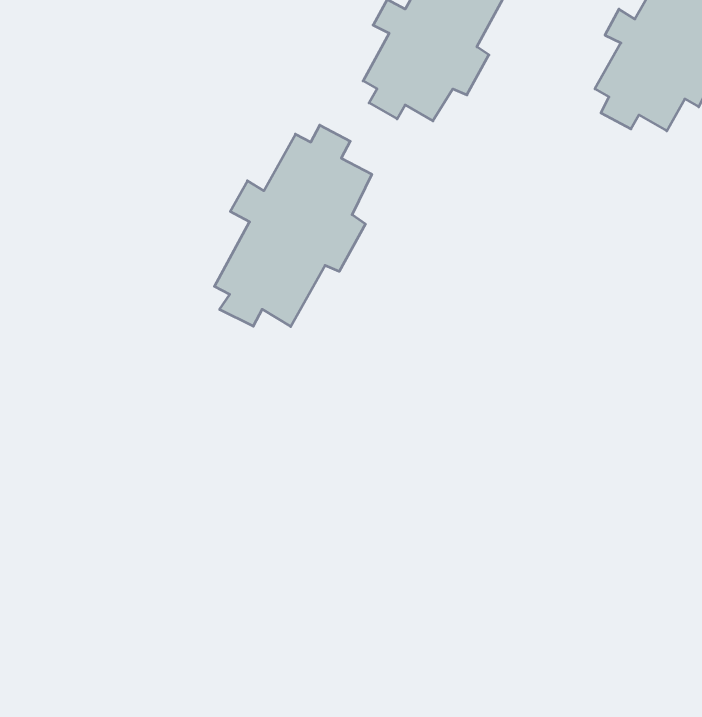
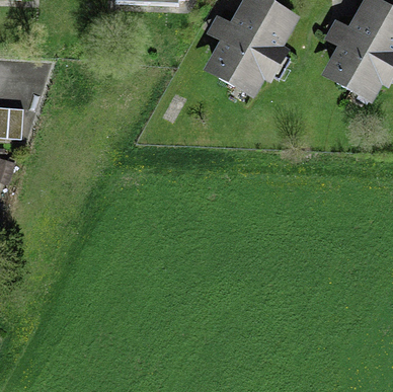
building: [214,125,372,327] -> none

